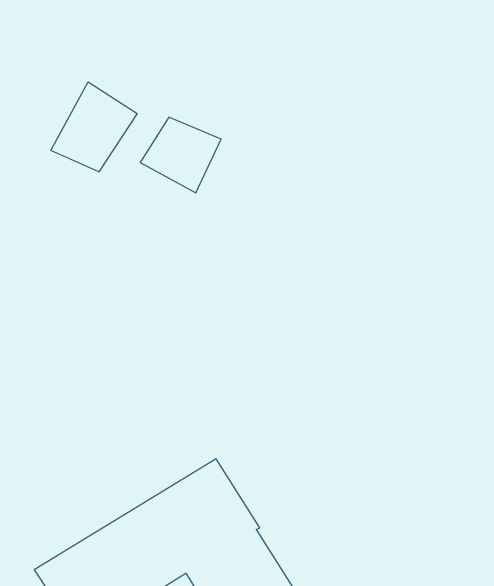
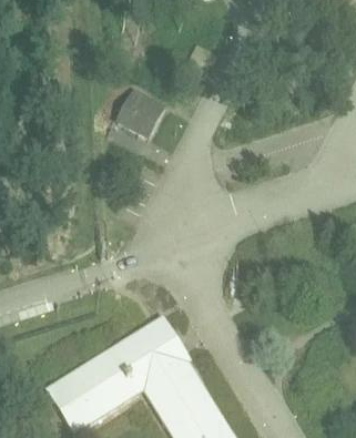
building: [51,82,137,172] -> none

